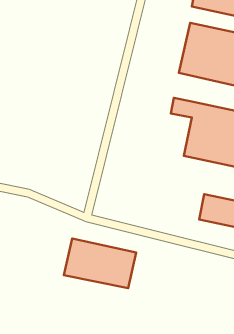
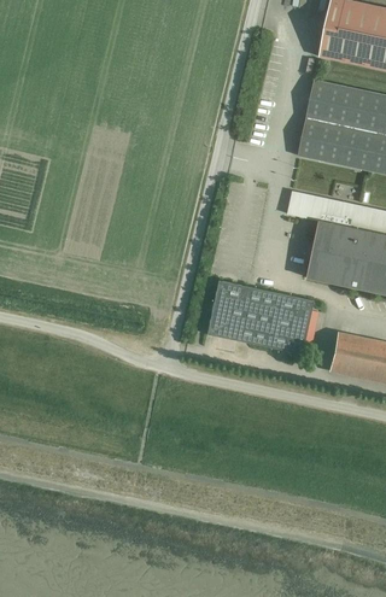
building: [64,239,136,288] -> [206,281,314,355]

